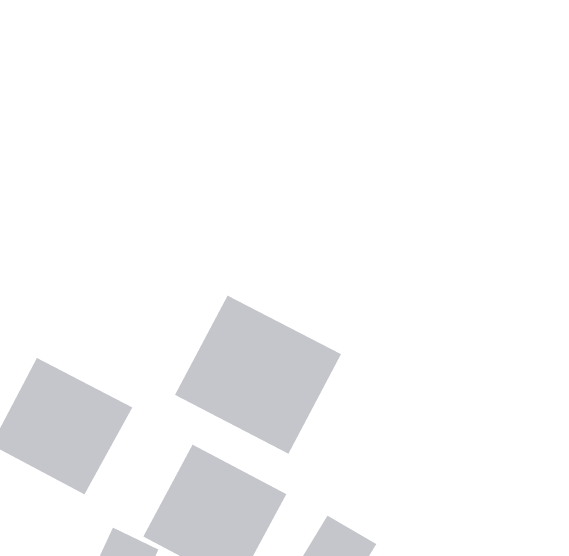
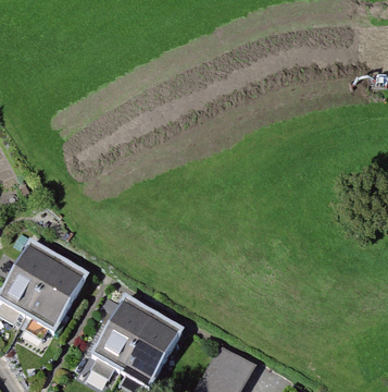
building: [174,294,342,455] -> none

